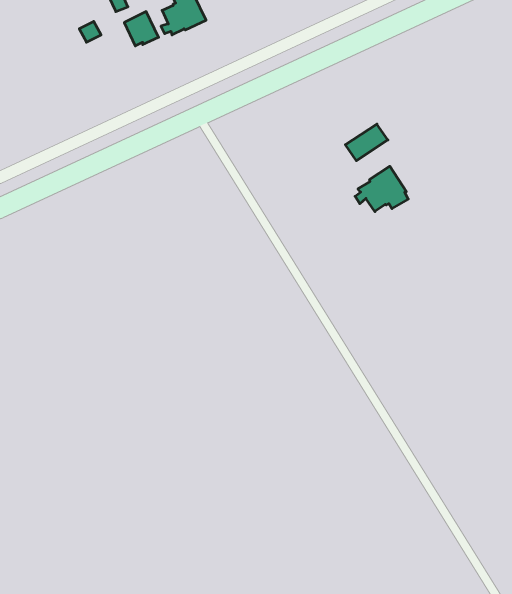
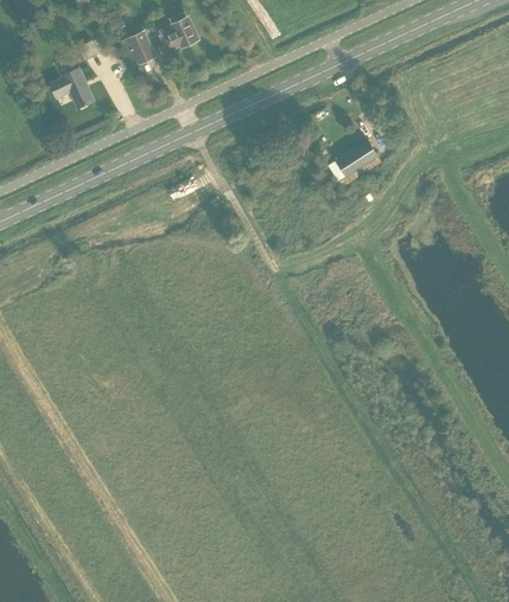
building: none -> [49,68,94,108]
building: [355,166,408,212] -> none

